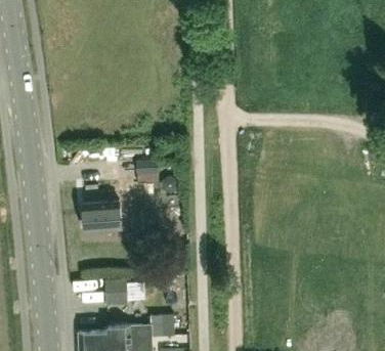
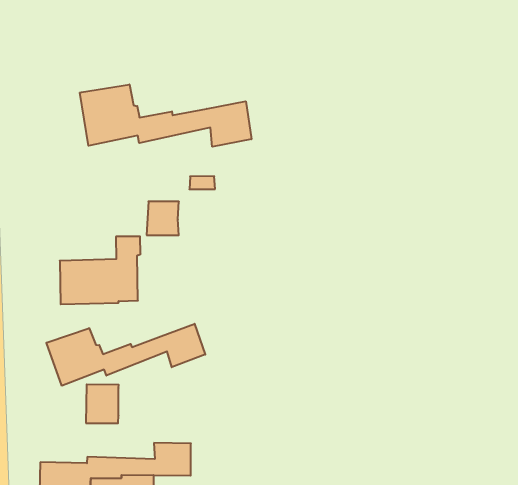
building: none -> [80,84,251,147]
building: none -> [46,324,205,386]

